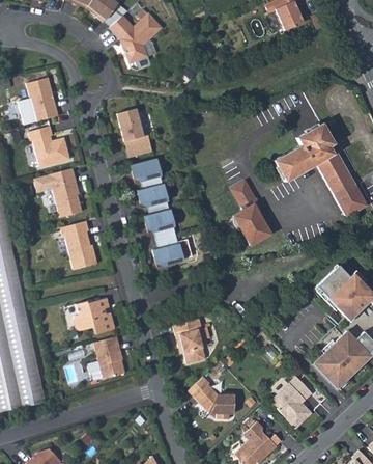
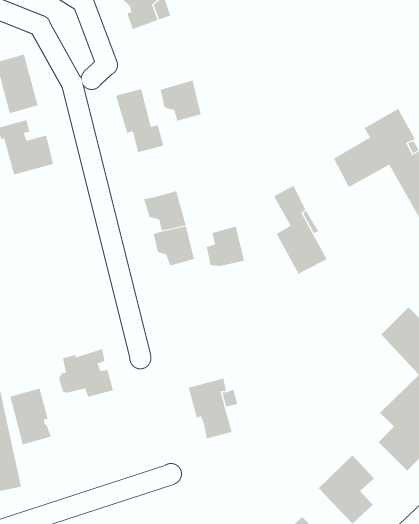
building: [131,155,162,186] -> [160,80,202,122]
building: [35,170,83,219] -> none
building: [61,223,98,272] -> none
building: [152,231,181,262] -> [206,226,245,266]
building: [94,336,125,379] -> [9,388,51,445]
building: [187,377,231,420] -> none

